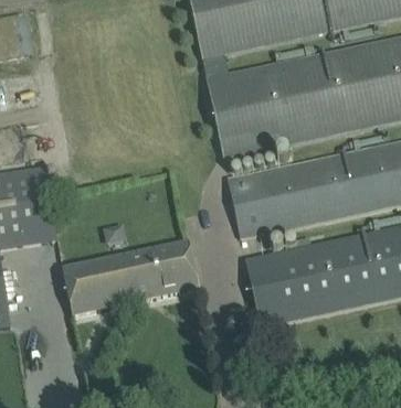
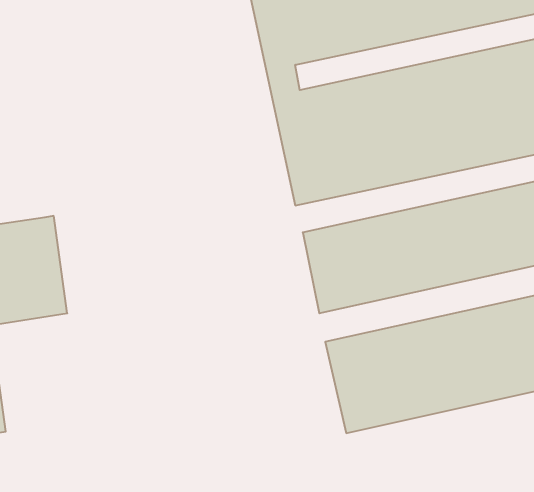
building: [62,240,199,314] -> none

